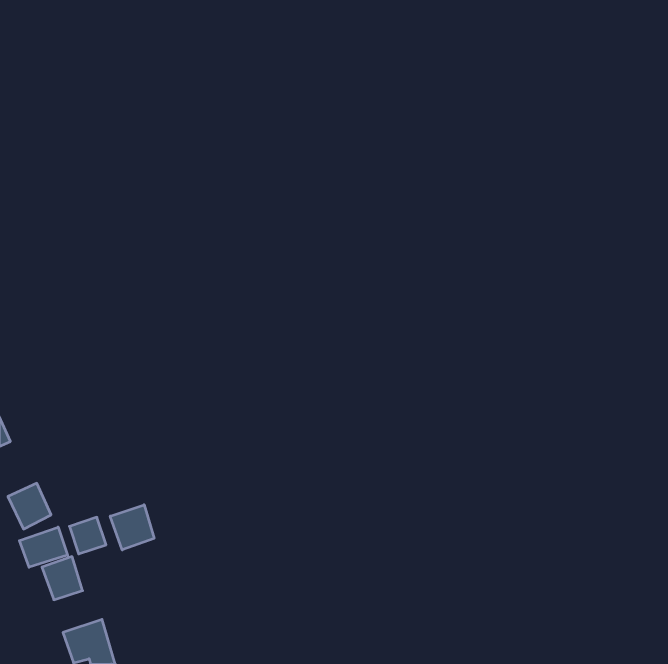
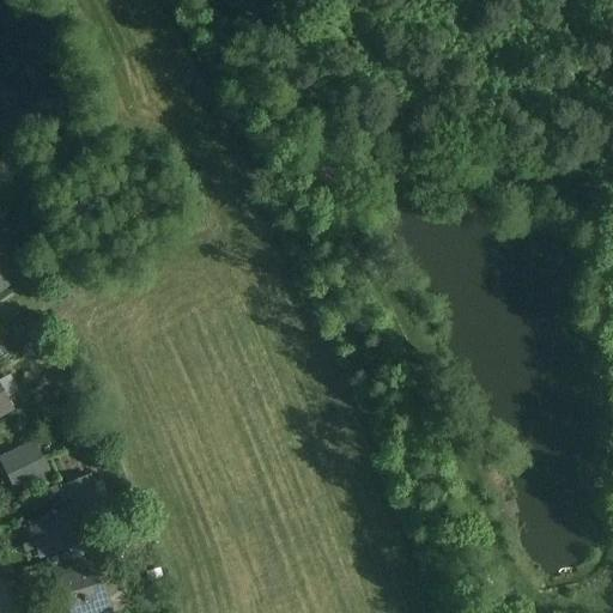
building: [110,505,154,550] -> none
building: [19,527,68,567] -> none

